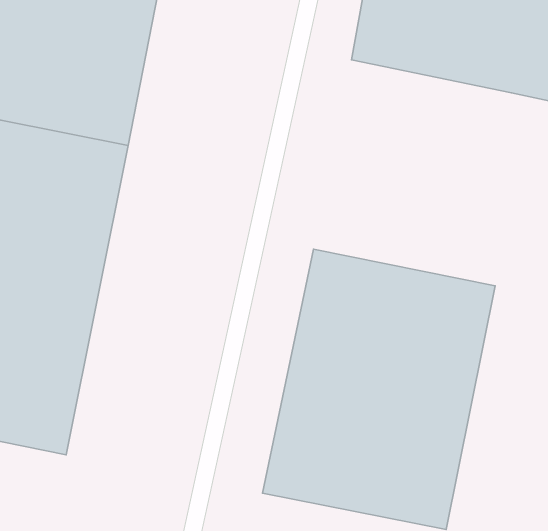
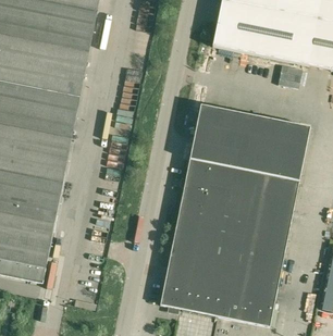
building: none -> [190,104,310,181]

